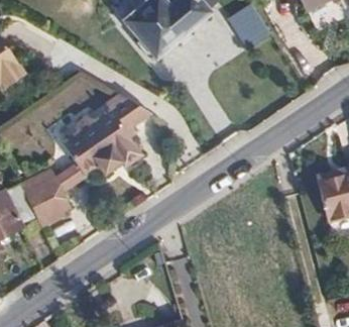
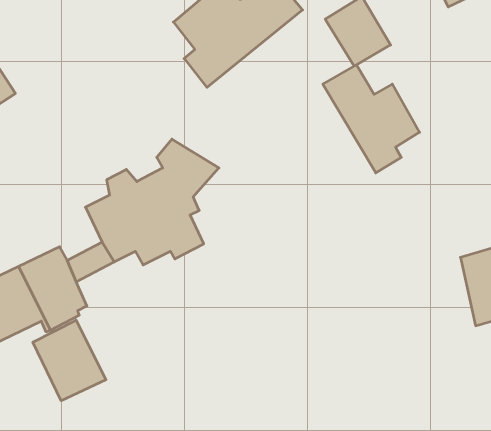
building: none -> [323,65,420,173]
building: none -> [33,320,106,401]

